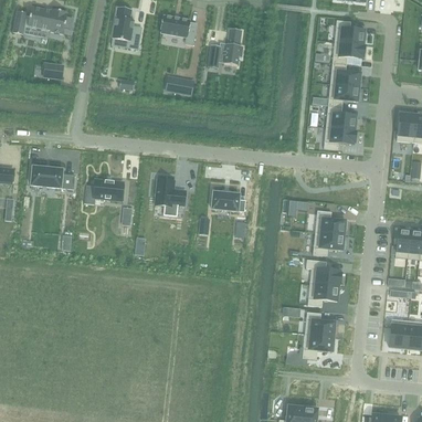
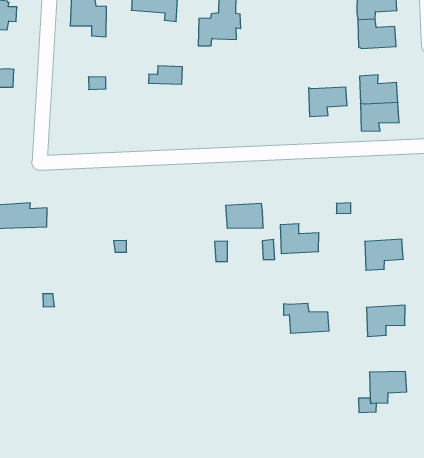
building: [328,84,359,107] -> [309,87,347,117]
building: [85,179,124,203] -> none
building: [155,179,186,217] -> none
building: [315,211,346,235] -> [280,224,319,254]
building: [306,261,340,286] -> [284,303,329,333]
building: [305,312,335,337] -> none

